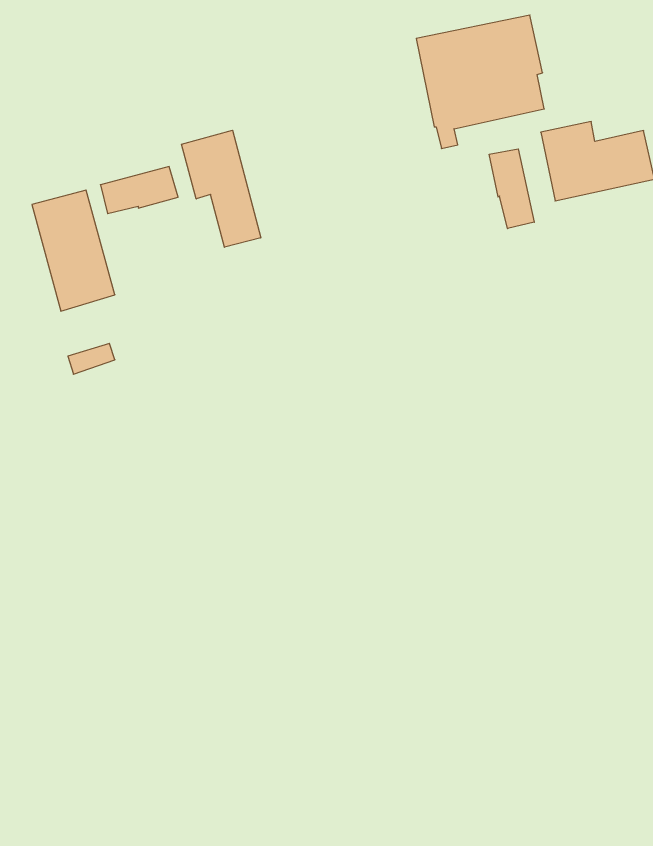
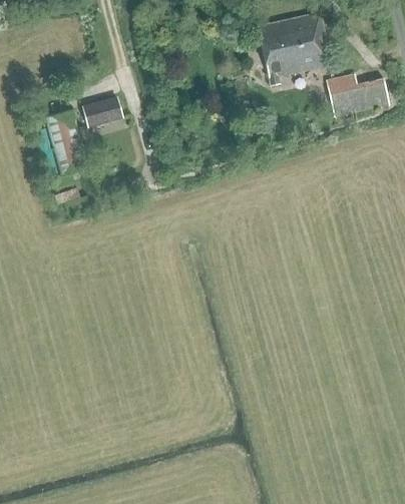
building: [182,130,261,247] -> none
building: [489,149,534,229] -> none

